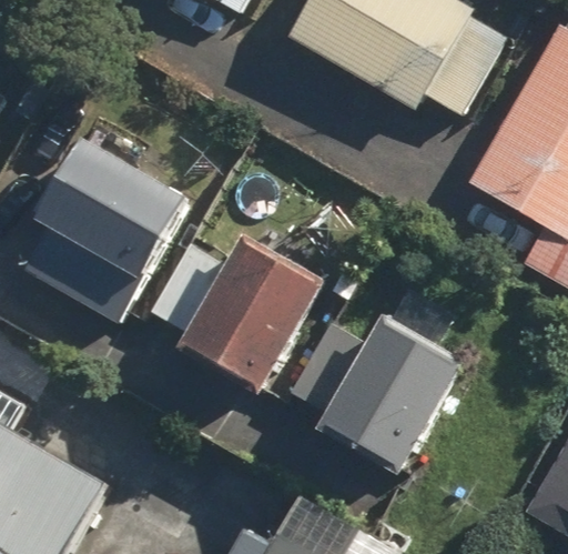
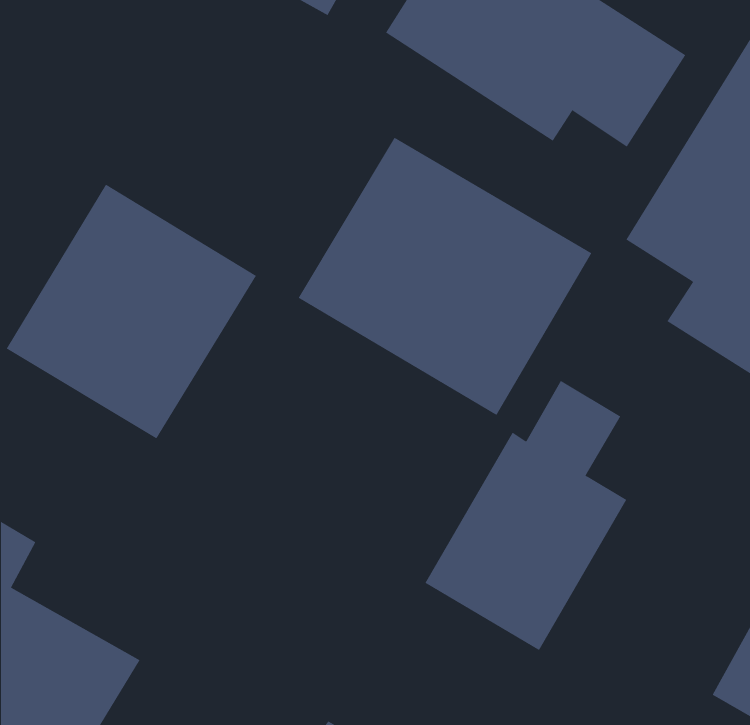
building: none -> [298,137,592,416]
building: [174,235,325,399] -> none

